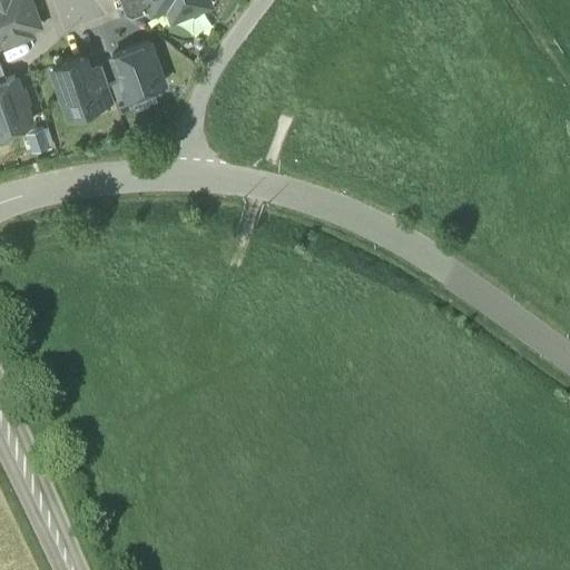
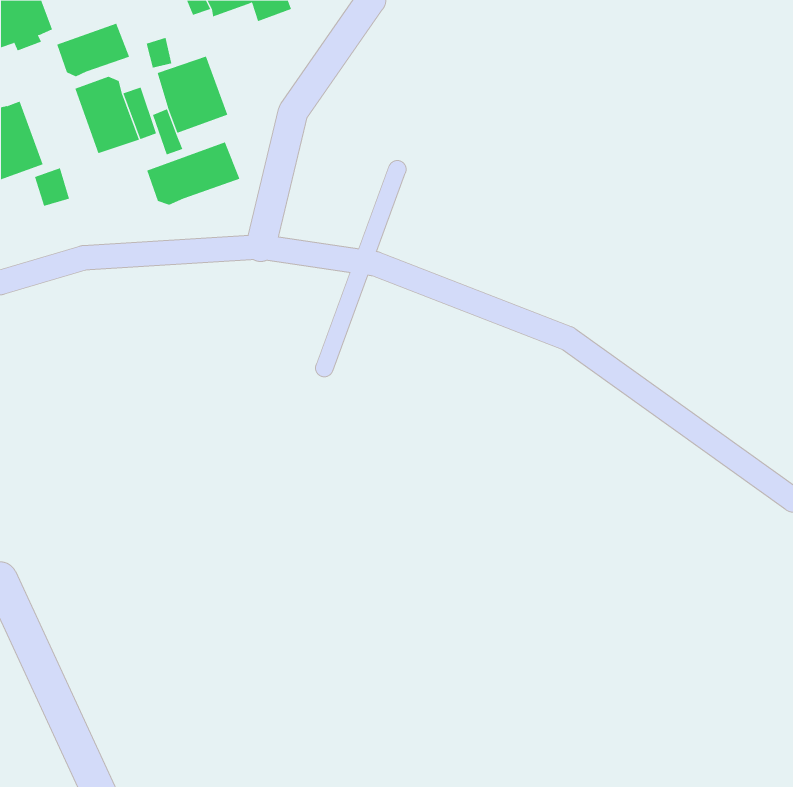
building: none -> [56,23,130,77]
building: none -> [146,142,240,206]

